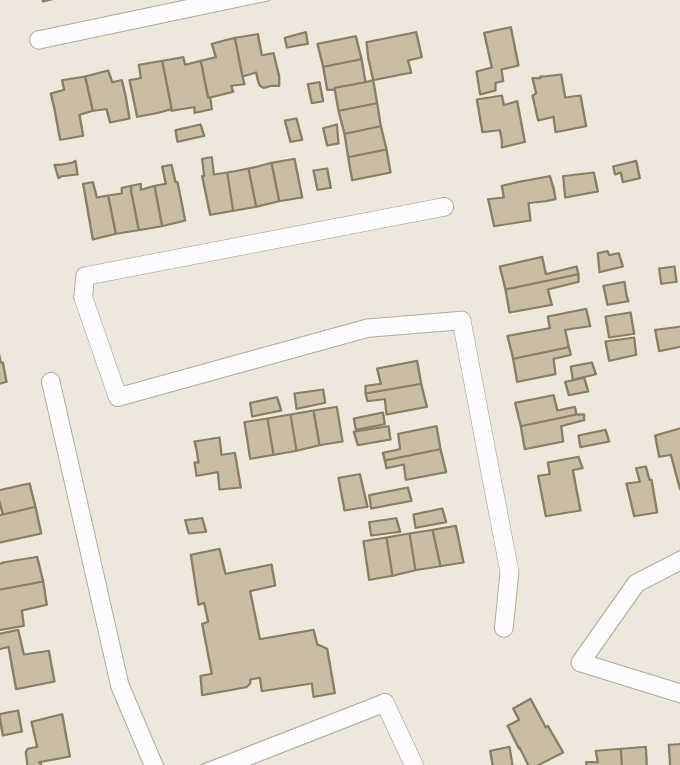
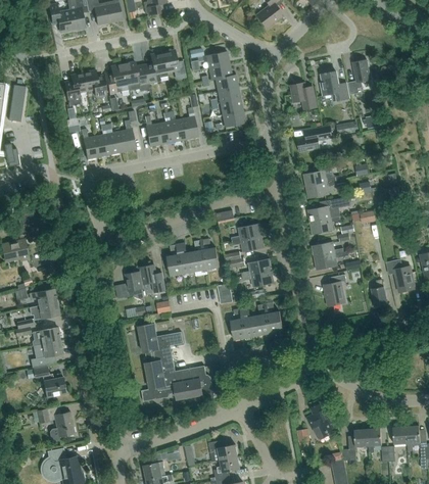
building: [476,27,519,94] -> [348,59,371,95]
building: [366,32,422,80] -> none
building: none -> [122,271,144,299]

